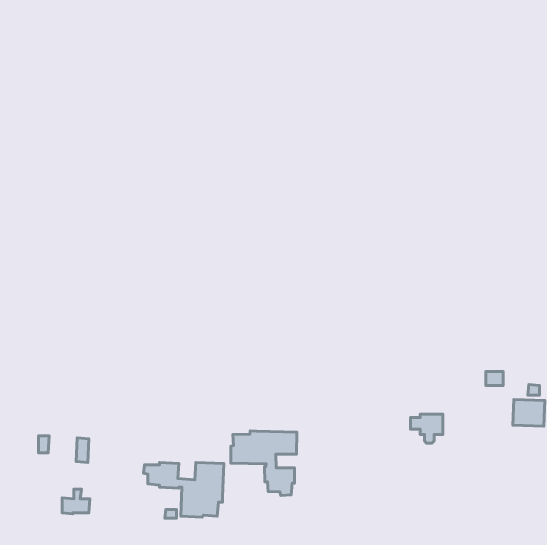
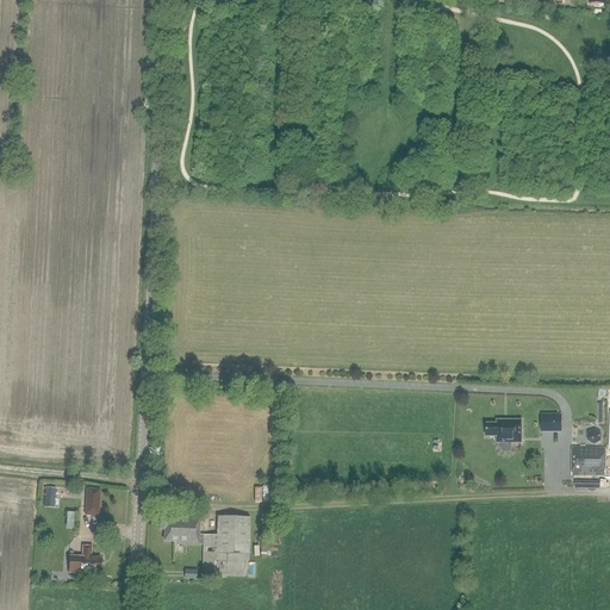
building: [411,414,443,443] -> [485,418,521,450]
building: [231,431,297,495] -> none

